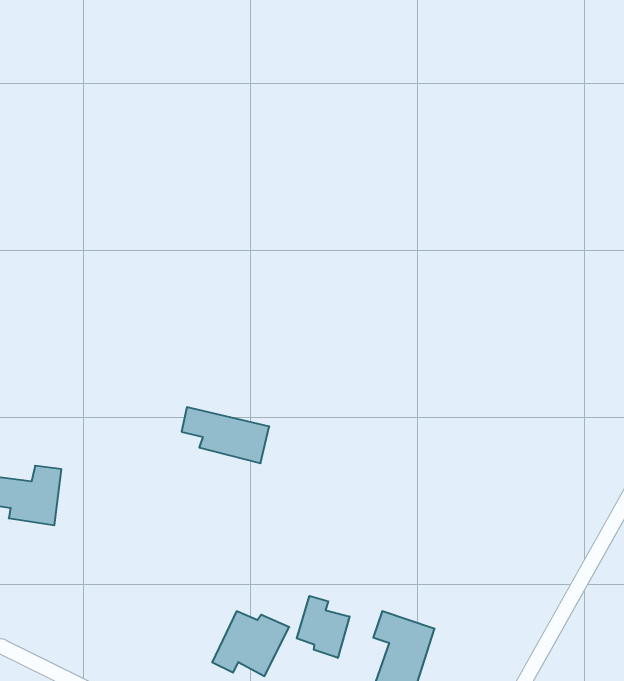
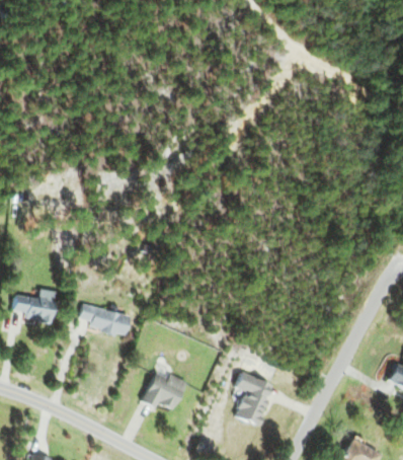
building: [182,407,269,463] -> [80,304,131,336]
building: [297,596,350,658] -> none

